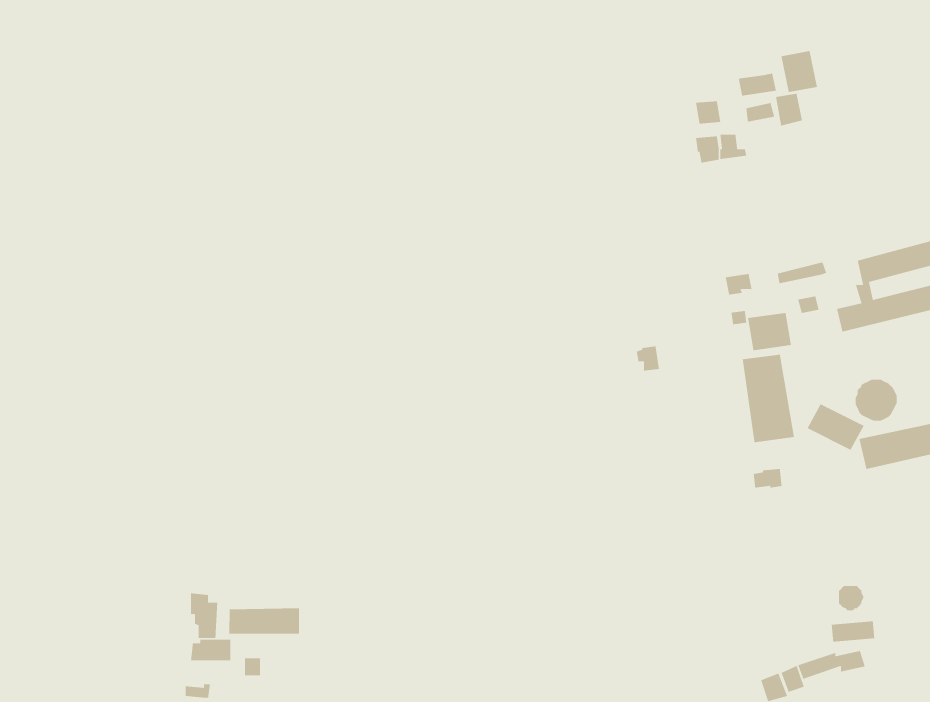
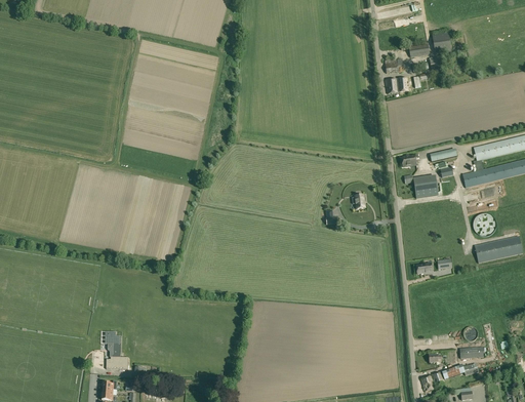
building: [742,354,795,443] -> none
building: [806,403,865,451] -> none
building: [228,607,300,634] -> none

